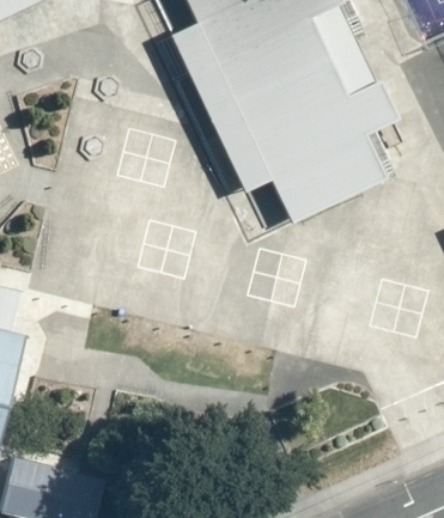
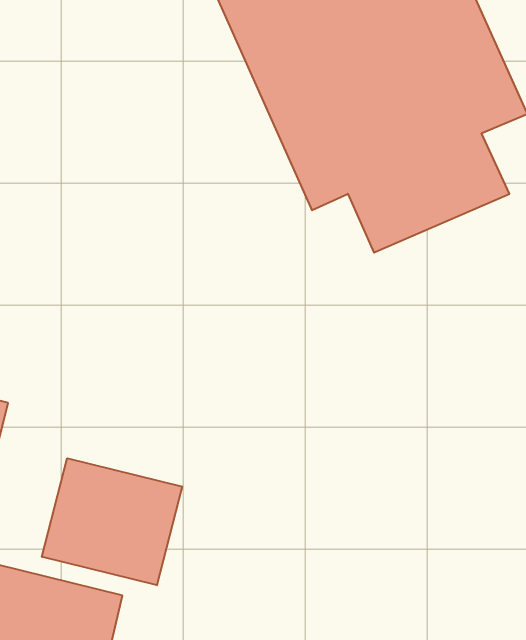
building: none -> [42,458,182,585]

